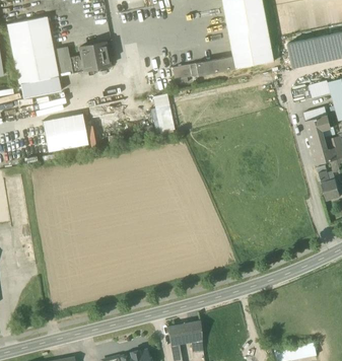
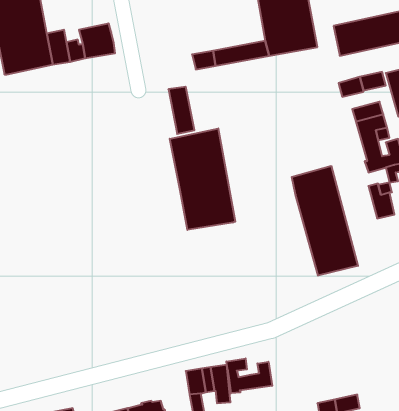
building: [20,76,61,98] -> none
building: [42,114,87,152] -> none
building: none -> [170,128,235,230]
building: none -> [292,166,358,276]
building: none -> [226,358,272,393]

